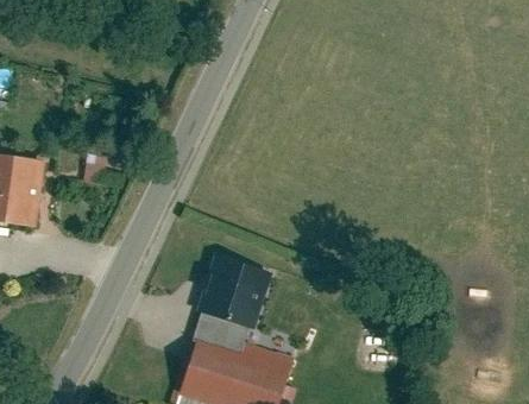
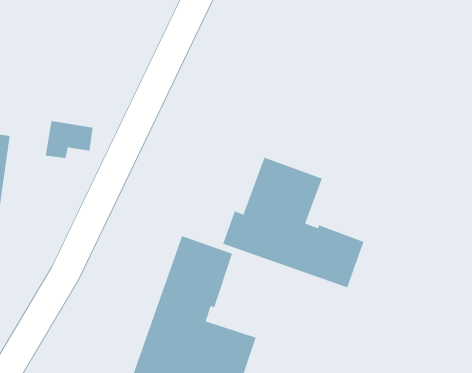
building: none -> [223,157,364,288]

